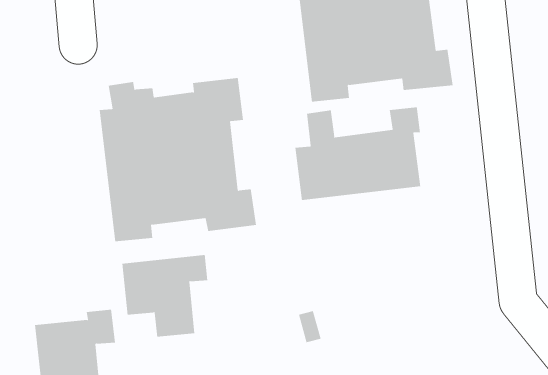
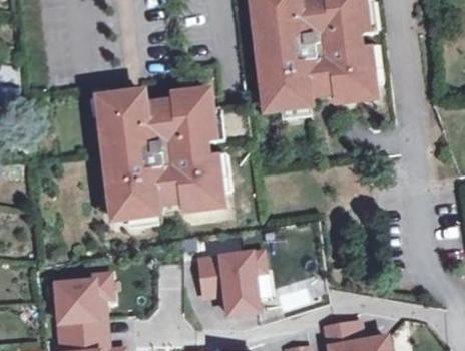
building: [295,107,421,201] -> none
building: [122,255,208,337] -> [199,250,267,314]

